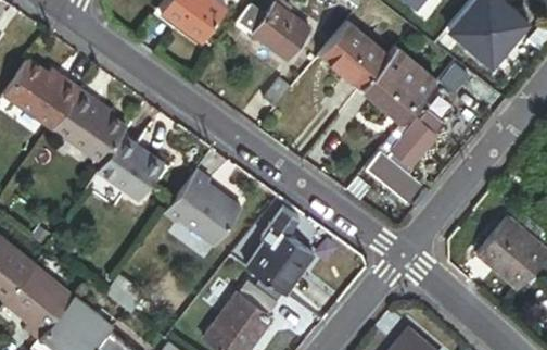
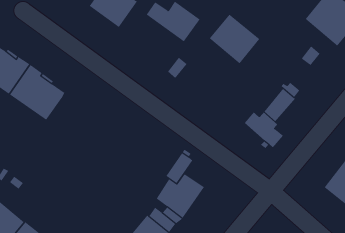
building: [361,47,437,123] -> none
building: [99,135,167,201] -> none
building: [166,170,244,247] -> none

